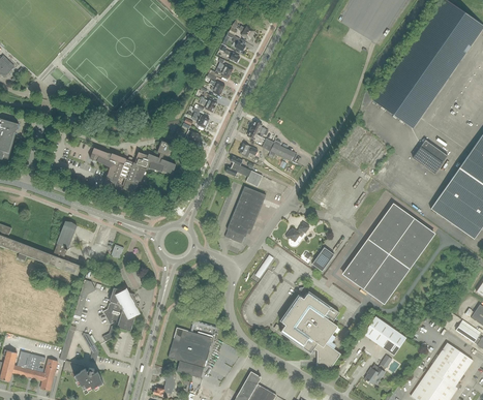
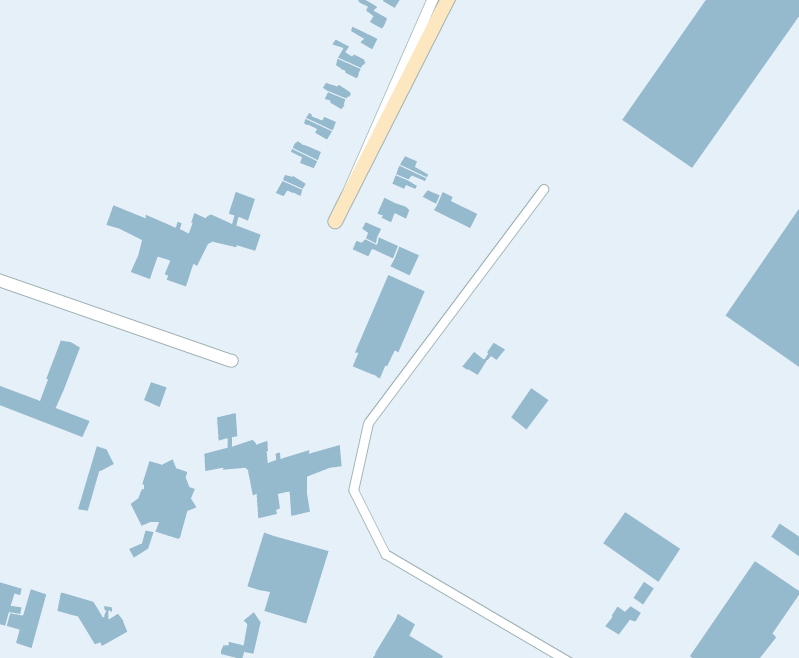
building: [412,140,447,174] -> none
building: [343,204,434,303] -> none
building: none -> [204,412,342,519]
building: [280,287,341,370] -> none

